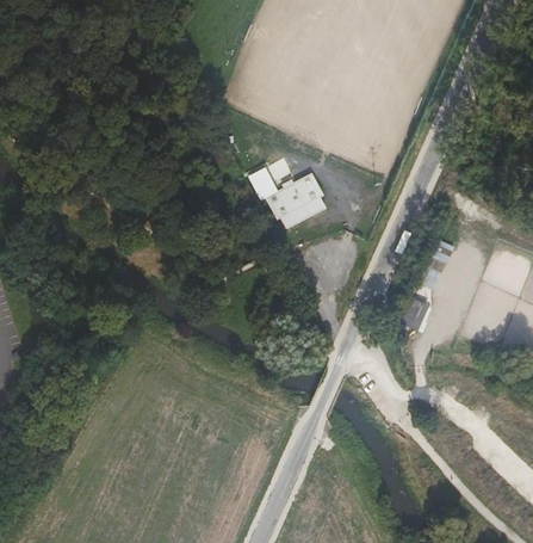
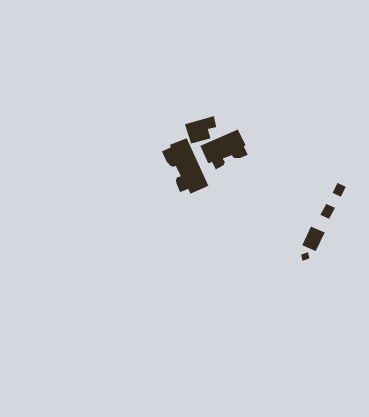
building: none -> [161,137,210,195]

